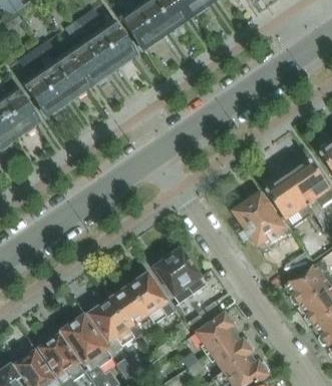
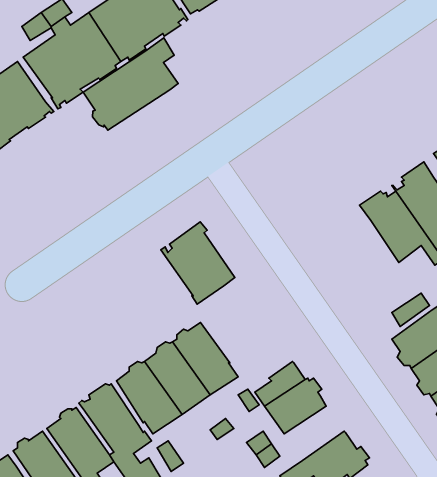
building: none -> [83,38,178,130]
building: [234,190,292,250] -> none
building: [151,244,205,303] -> [161,222,235,304]
building: [208,332,253,371] -> none

